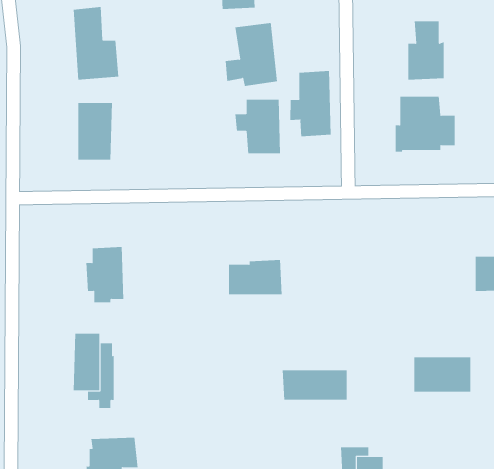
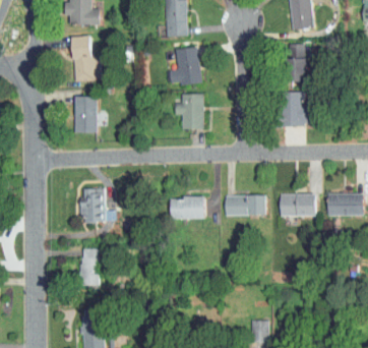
building: [290,70,331,137] -> none
building: [414,357,471,392] -> [280,193,316,216]
building: [282,370,348,400] -> [225,195,266,215]

